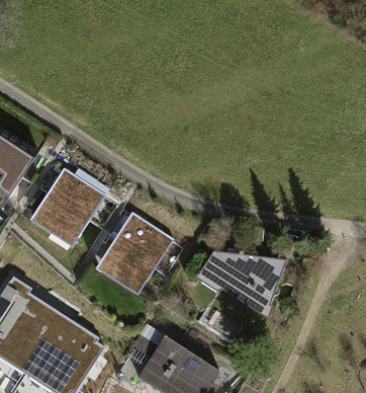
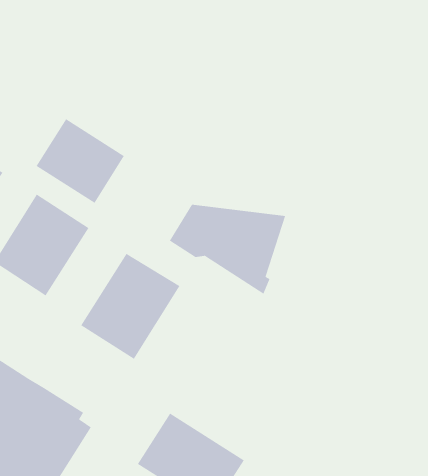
building: none -> [36,118,125,204]
building: [197,250,287,320] -> [169,204,286,295]

